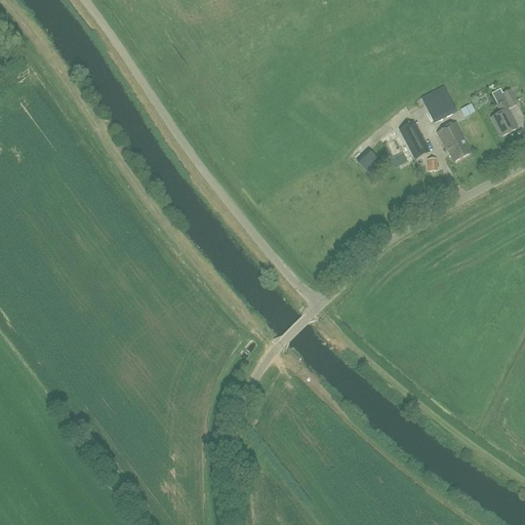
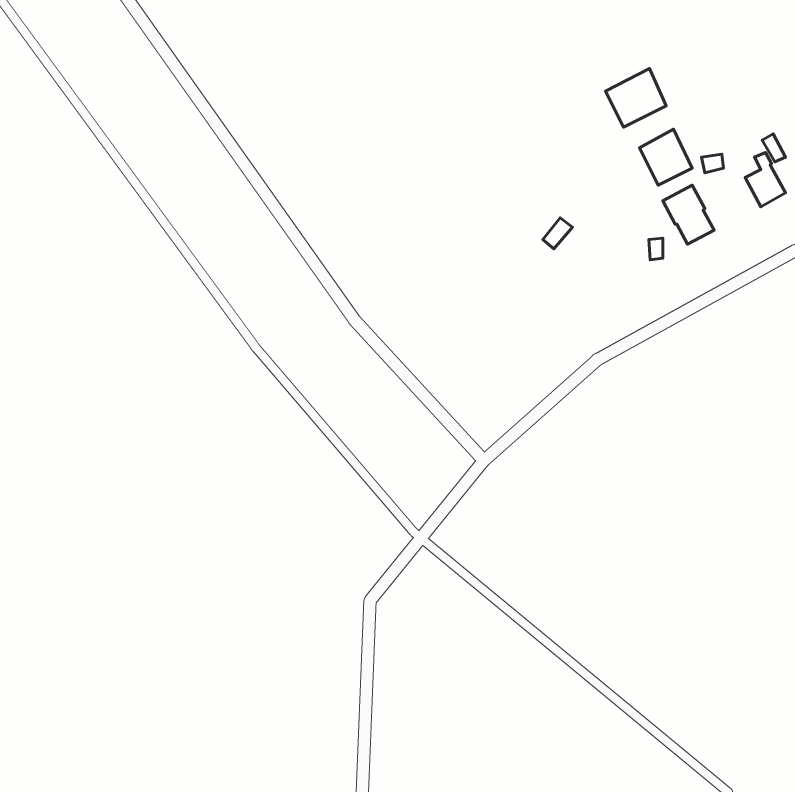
building: none -> [606,69,666,127]
building: [399,120,430,159] -> none

